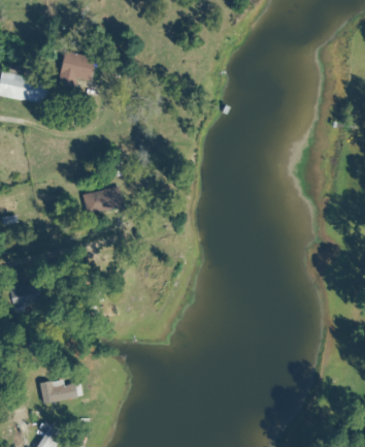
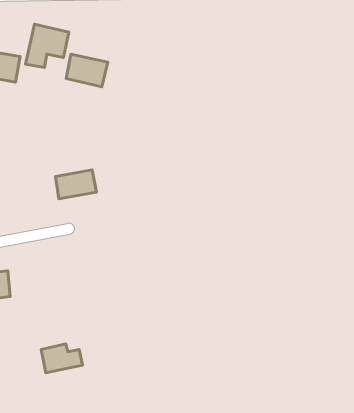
building: none -> [66,54,108,87]
building: [40,378,78,405] -> [41,344,82,373]

